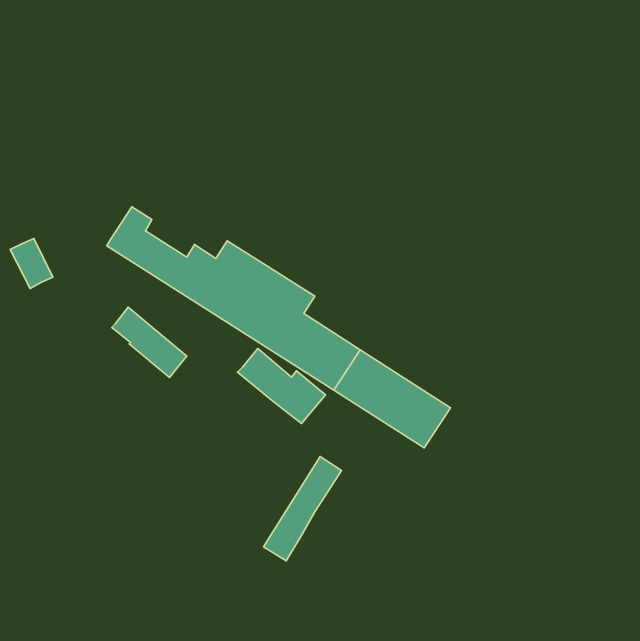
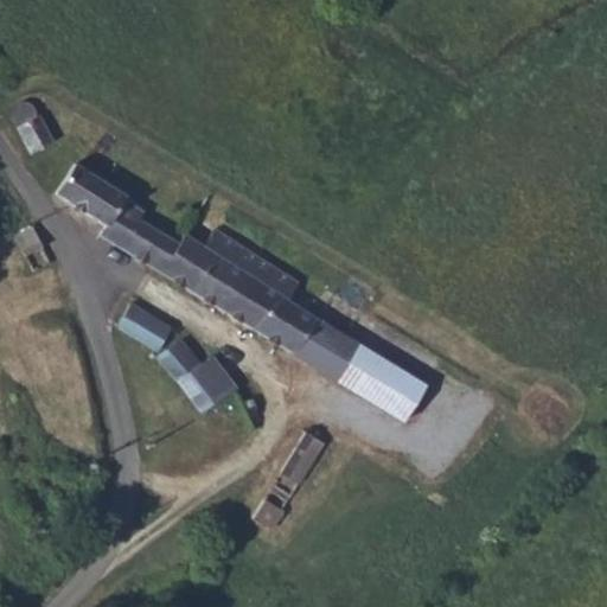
building: none -> [13,100,55,153]
building: none -> [55,162,126,226]
building: [238,348,325,424] -> [156,339,239,410]

